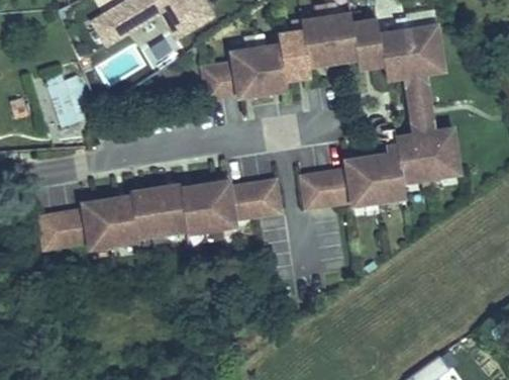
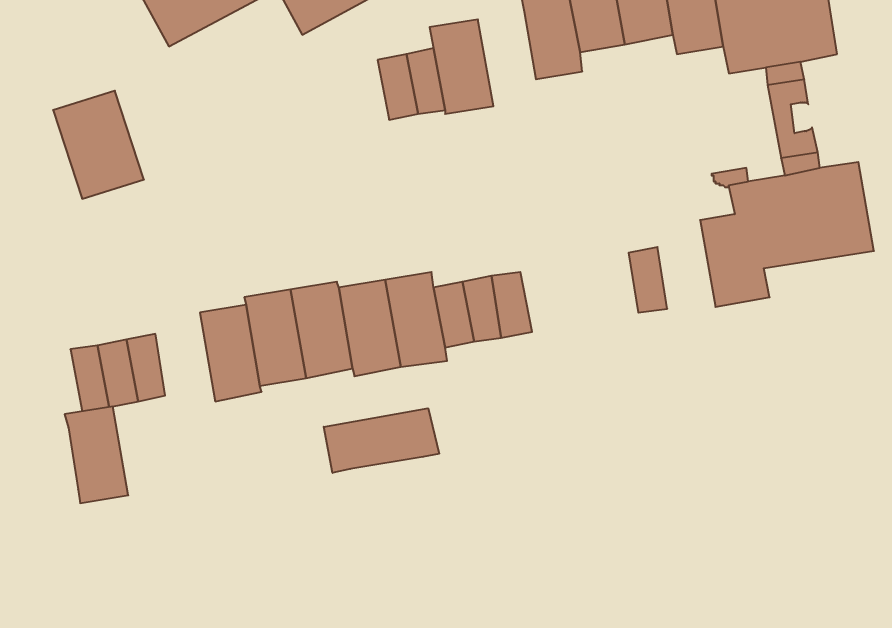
building: [256,42,288,92] -> none
building: [347,152,380,201] -> none
building: [303,169,339,206] -> none
building: [85,200,118,251] -> [65,407,128,503]
building: none -> [324,408,439,473]

